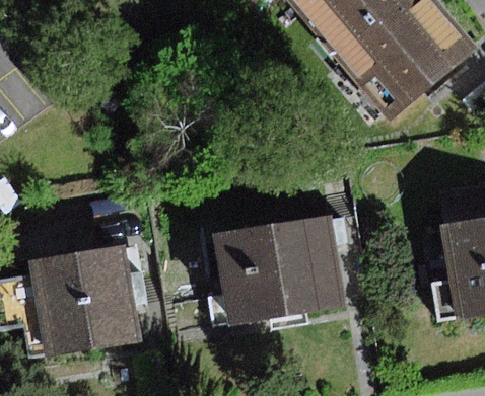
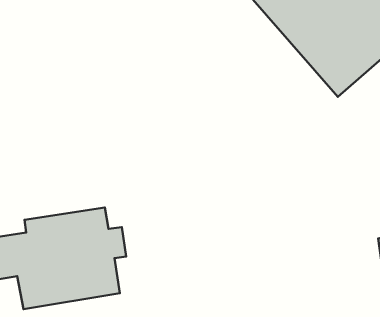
building: [209,213,349,327] -> none

